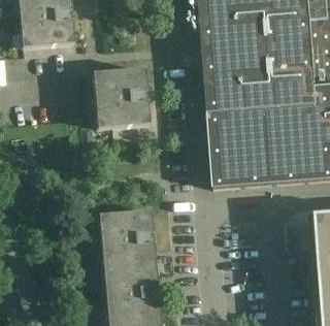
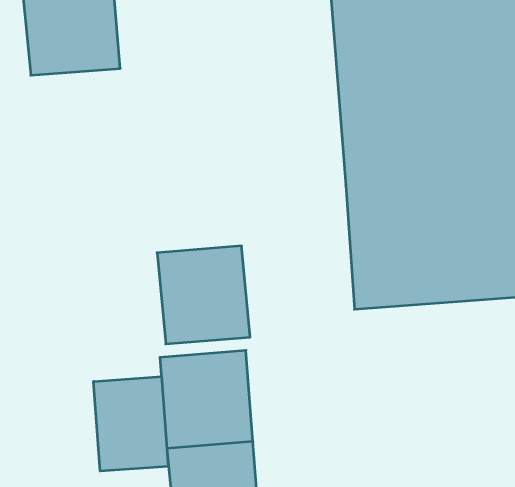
building: [93,70,148,129] -> [157,246,250,344]
building: none -> [94,377,168,471]

